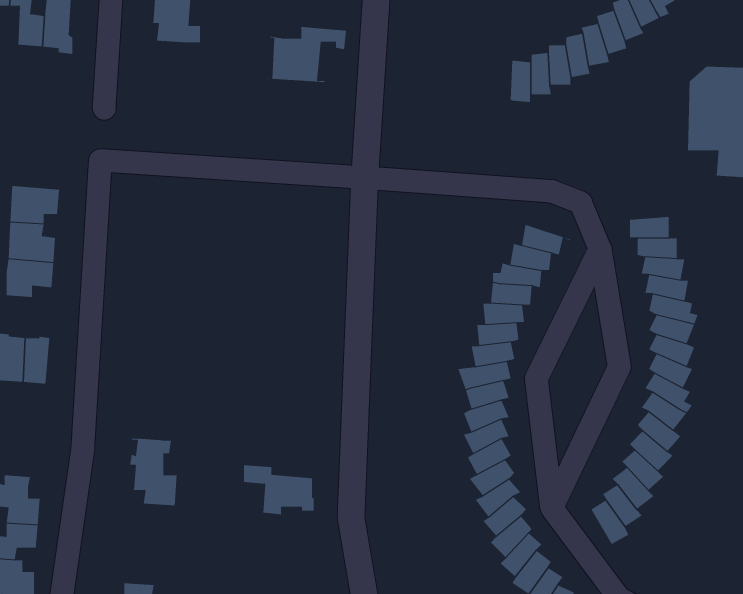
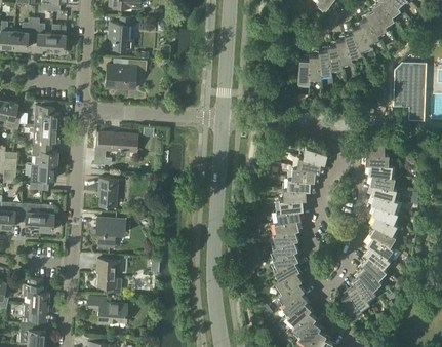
building: [268,27,347,83] -> [106,61,148,90]
building: none -> [34,107,61,128]
building: none -> [94,129,140,155]
building: none -> [98,179,118,208]
building: none -> [93,220,126,249]
building: [243,465,315,515] -> [89,300,127,326]

